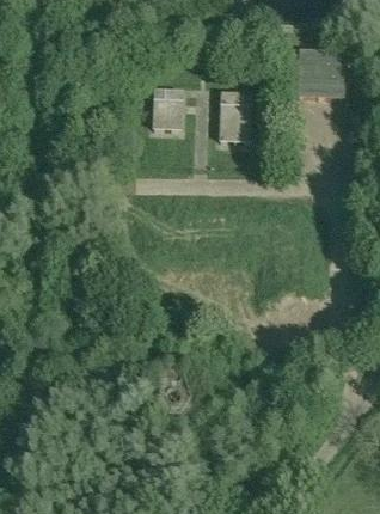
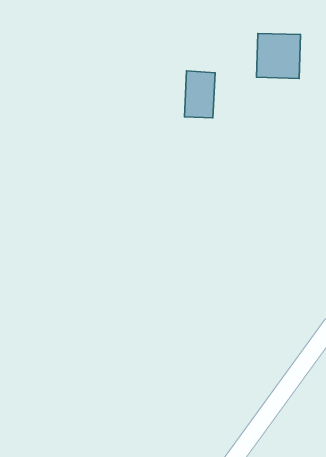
building: [152,86,184,128] -> none

